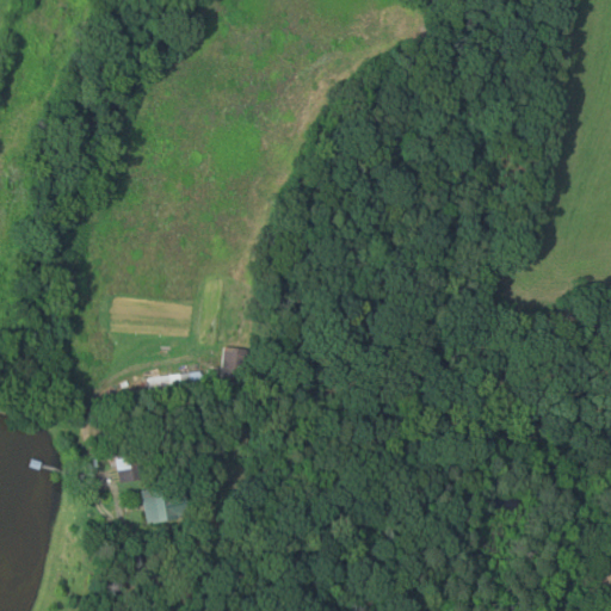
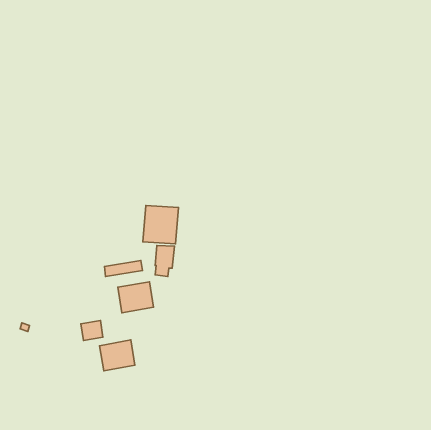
building: none -> [143,205,179,244]
building: none -> [118,282,153,313]

